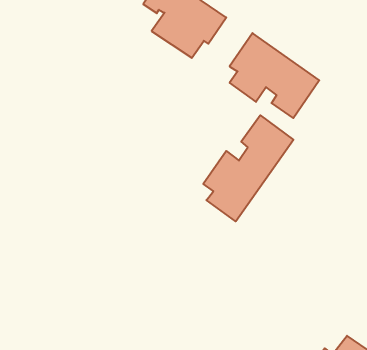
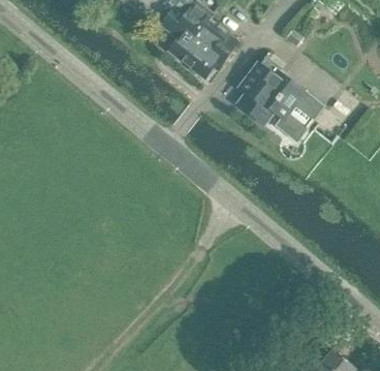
building: [203,115,293,221] -> none

